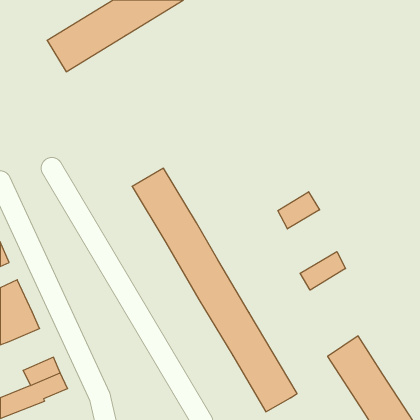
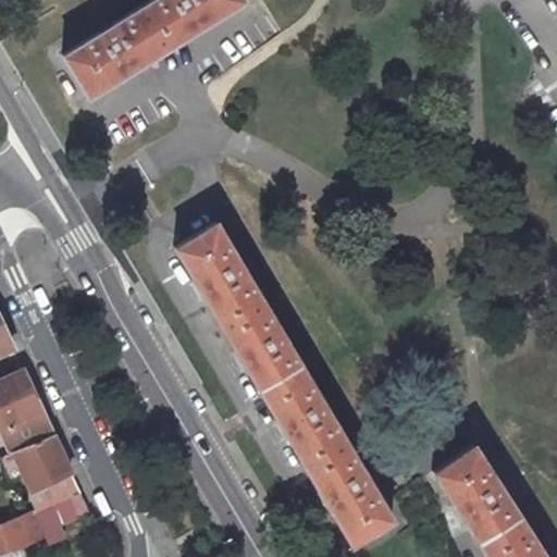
building: [278,192,320,229] -> none
building: [300,252,346,290] -> none
building: none -> [14,435,73,491]

